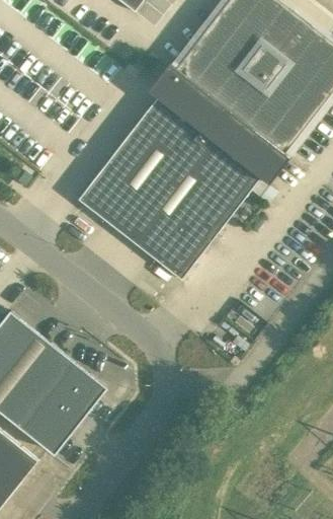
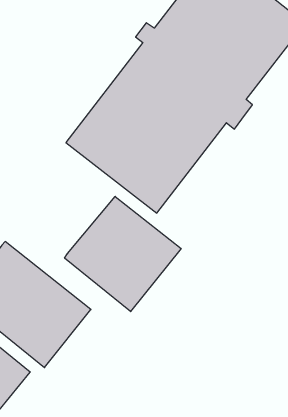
building: none -> [65,196,181,312]

